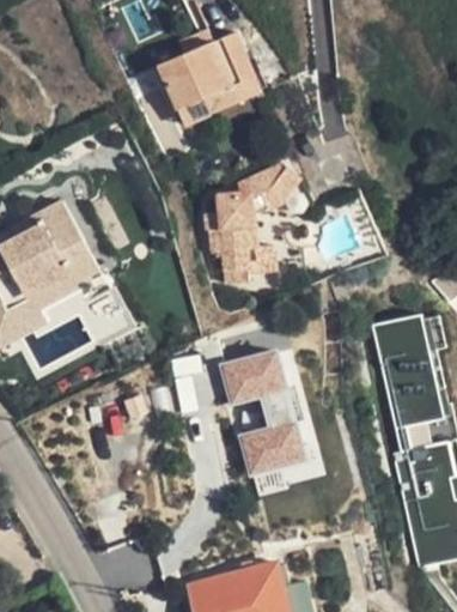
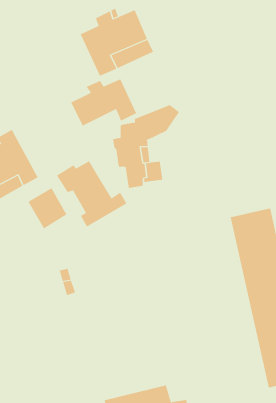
building: none -> [70,78,137,126]
building: none -> [56,160,127,227]
building: [224,347,310,477] -> none

